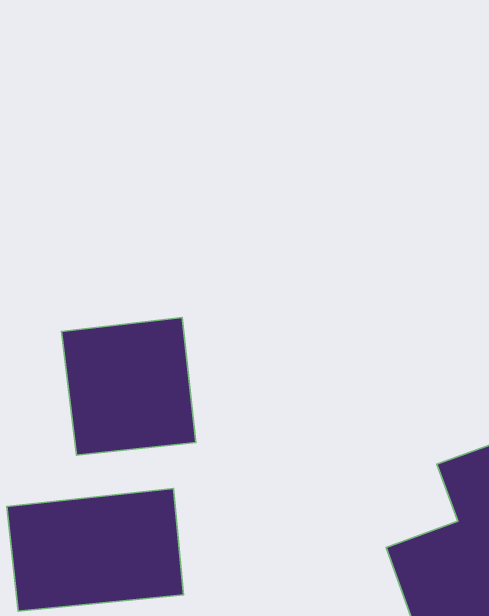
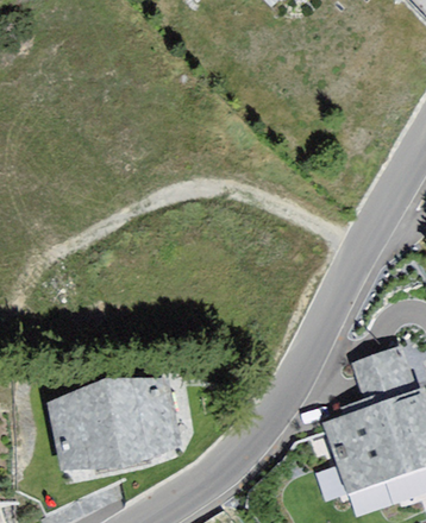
building: [62,317,196,455] -> none

